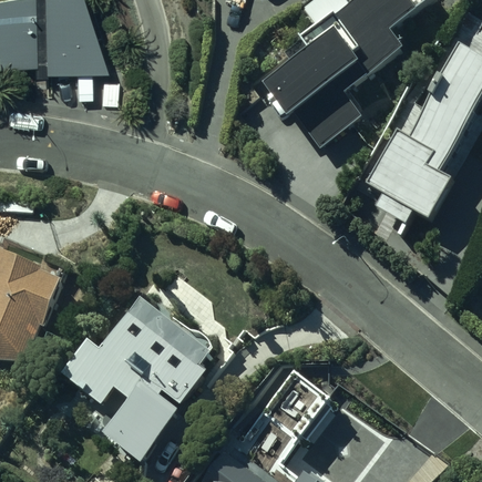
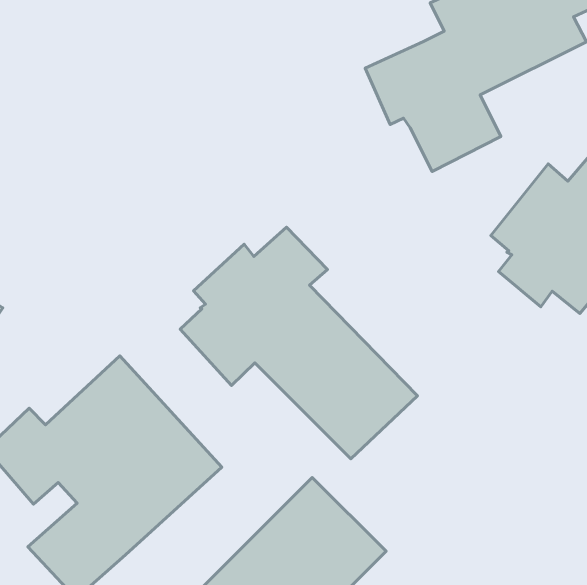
building: none -> [180,227,417,459]

